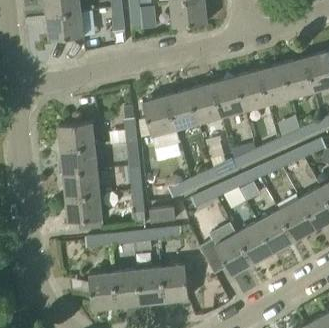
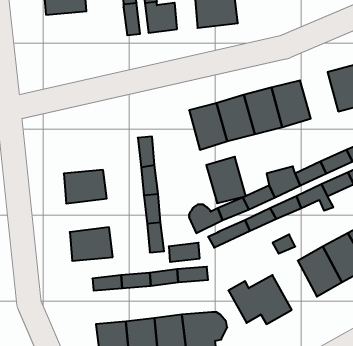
building: [46,13,83,40] -> none
building: [259,64,291,103] -> none
building: [142,96,175,135] -> [206,157,246,203]
building: [58,122,94,149] -> none
building: [63,170,99,198] -> none
building: [236,222,273,263] -> none

